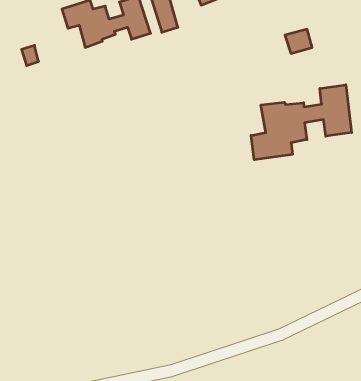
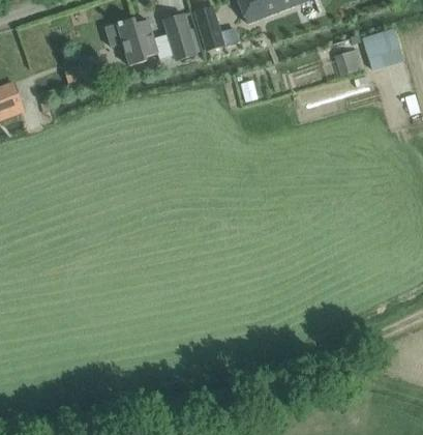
building: none -> [362,28,402,69]
building: [251,85,352,160] -> none

